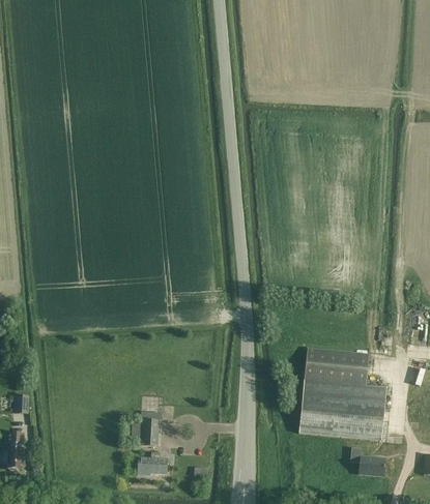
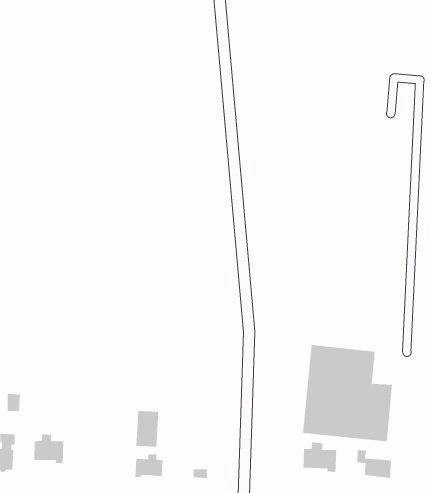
building: none -> [34,433,64,464]
building: none -> [303,442,337,473]

